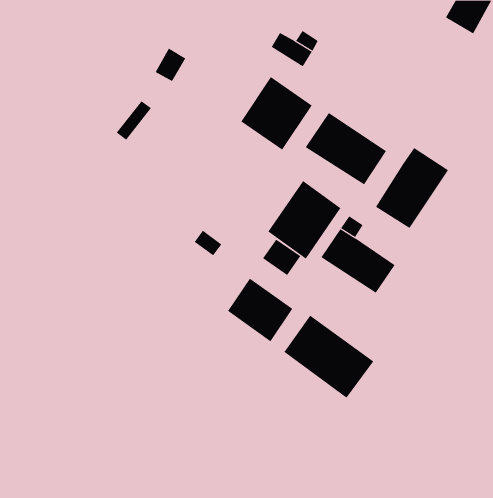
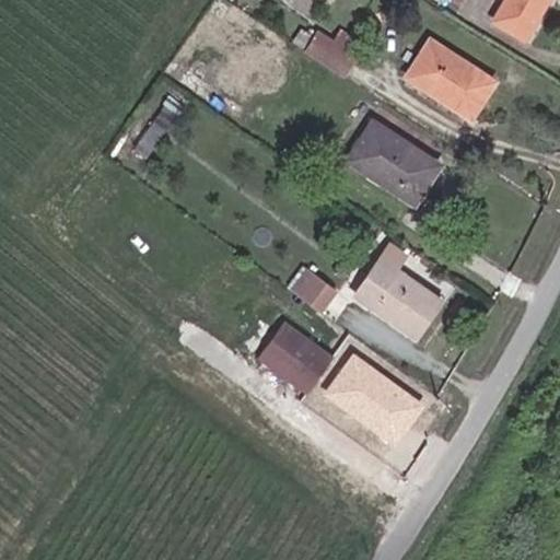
building: none -> [411,42,497,116]
building: [241,76,312,151] -> none
building: [375,147,449,229] -> none
building: [268,180,341,259] -> none

